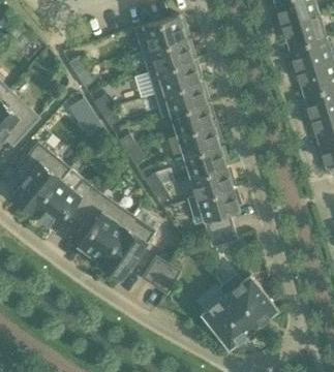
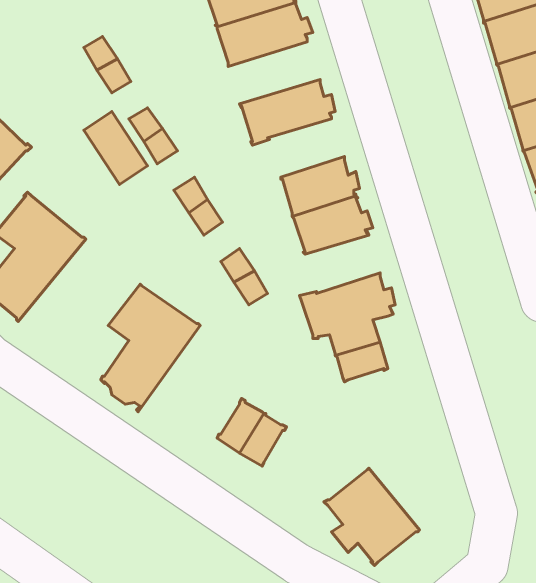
building: [148,60,201,94] -> none
building: [170,102,214,134] -> none
building: [190,166,234,198] -> none
building: [32,168,99,229] -> none
building: [98,216,154,279] -> none
building: [218,275,277,329] -> none

